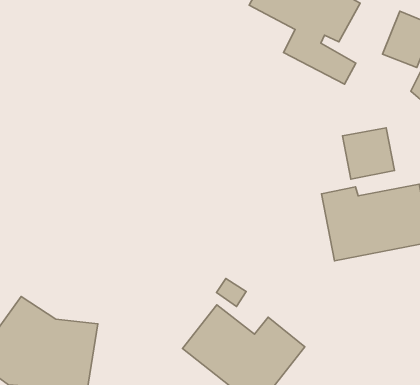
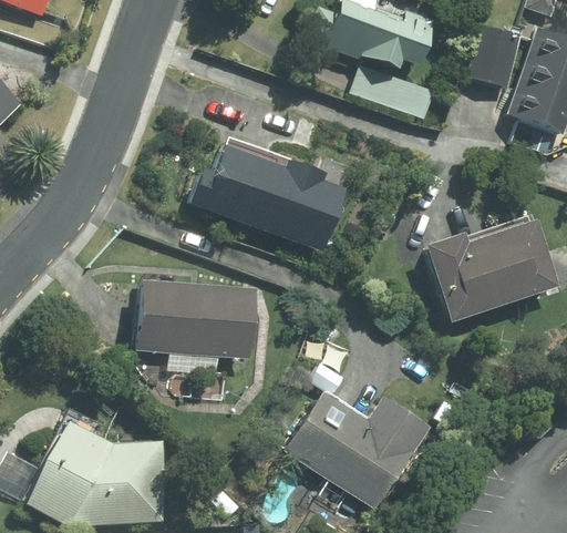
building: none -> [187,136,357,249]
building: [343,128,395,179] -> none
building: none -> [134,284,251,358]

